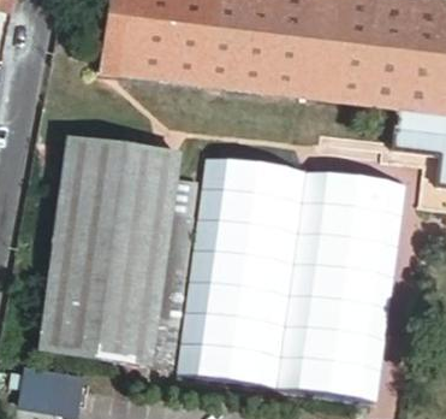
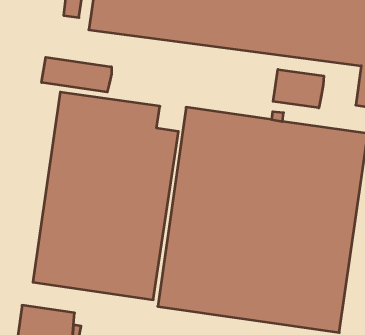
building: none -> [42,57,112,92]
building: none -> [273,69,324,108]

